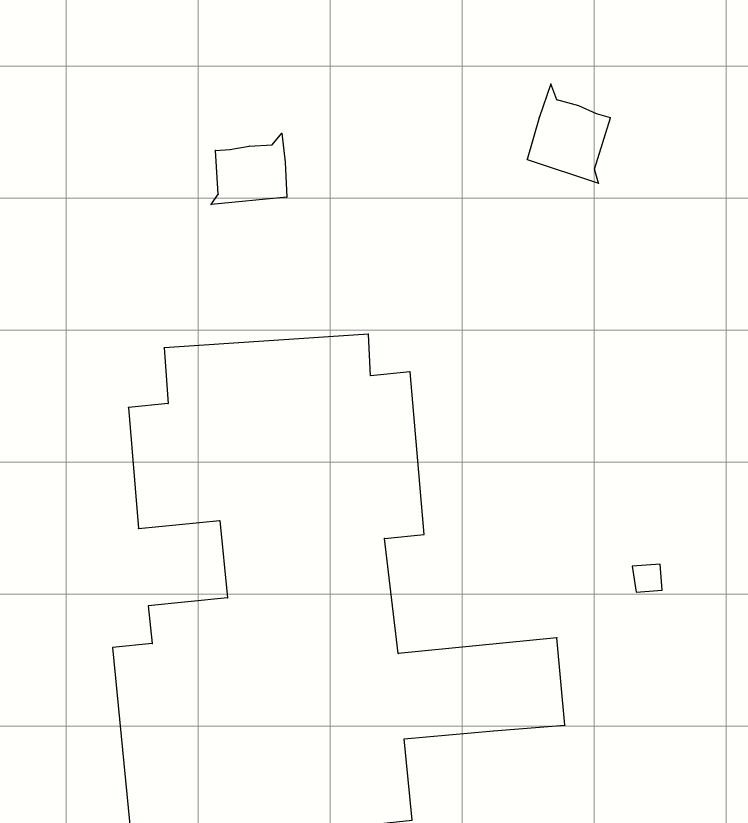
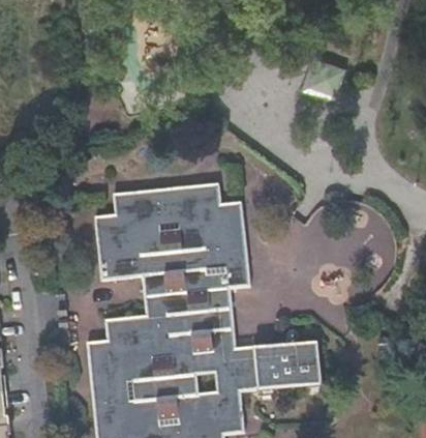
building: [211,133,287,205] -> none

